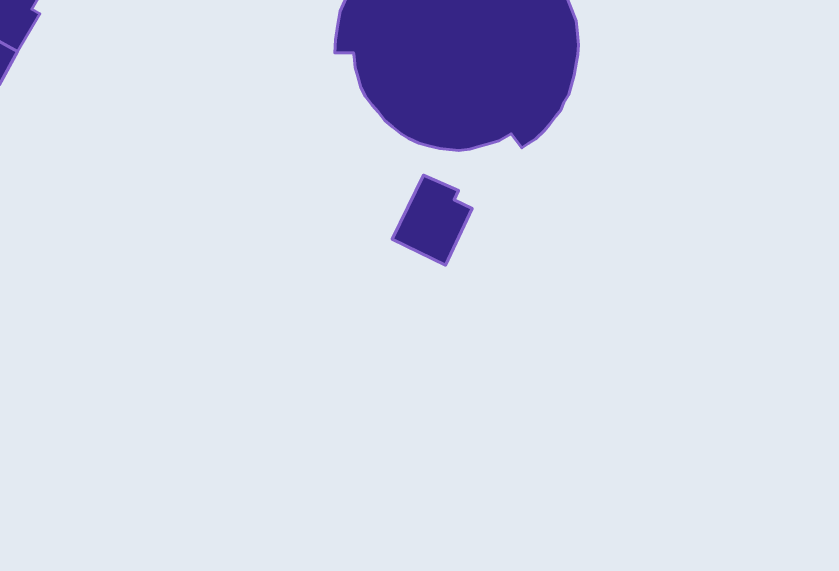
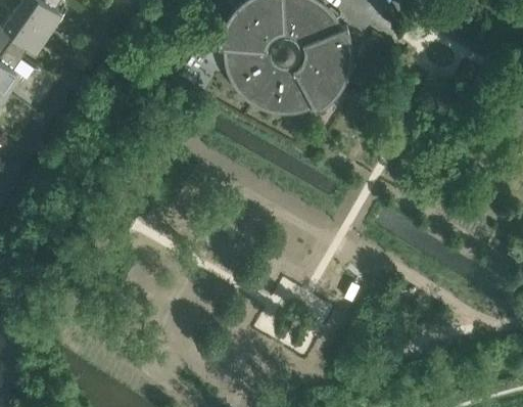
building: [392,175,472,265] -> none

